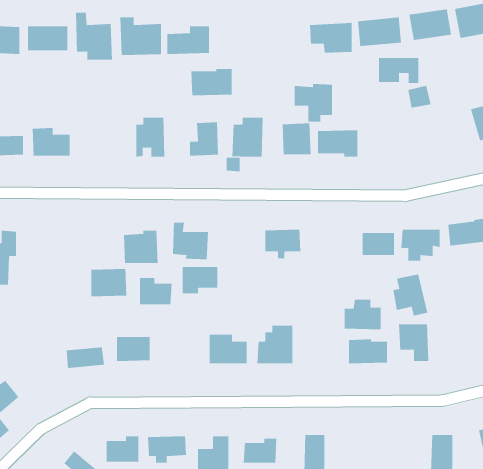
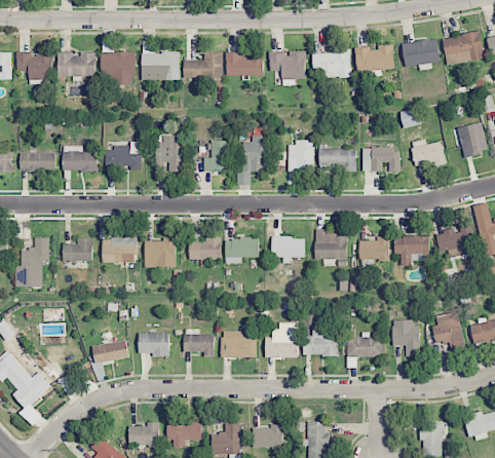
building: [378,57,419,84] -> [363,148,399,171]
building: [190,68,233,96] -> [226,51,264,76]
building: [294,83,333,122] -> [270,50,305,85]
building: none -> [411,139,446,166]
building: none -> [105,142,142,170]
building: none -> [315,229,347,259]
building: none -> [64,238,92,262]
building: [182,267,218,294] -> [226,238,259,263]
building: [91,268,127,297] -> [103,237,136,263]
building: [393,274,428,316] -> [432,311,464,349]
building: [139,277,172,305] -> [185,329,215,353]
building: [344,299,381,330] -> [304,328,338,355]

